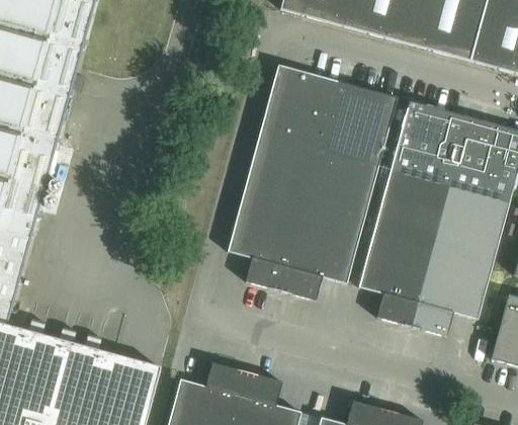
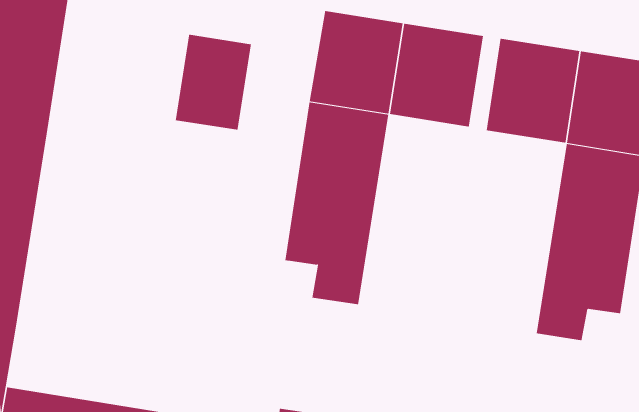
building: none -> [175,34,252,130]
building: [280,149,378,301] -> none
building: [358,169,450,327] -> none

